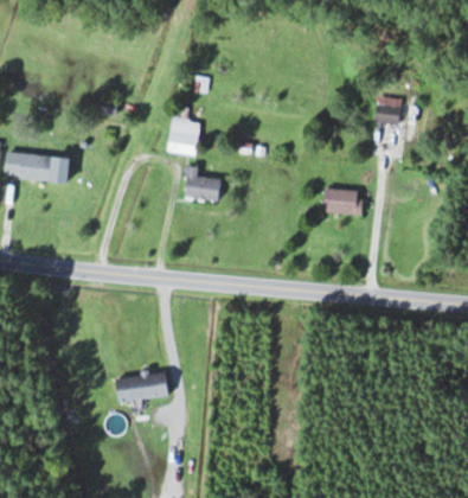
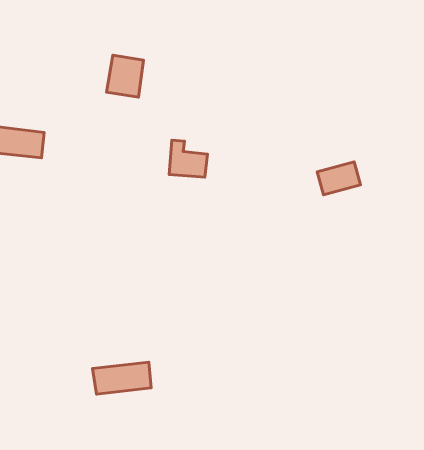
building: [374,97,402,126] -> none
building: [166,117,200,157] -> [106,55,143,97]

